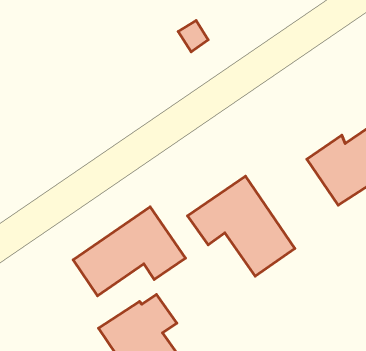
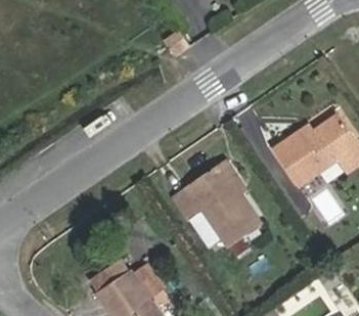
building: [73,207,185,296] -> none

